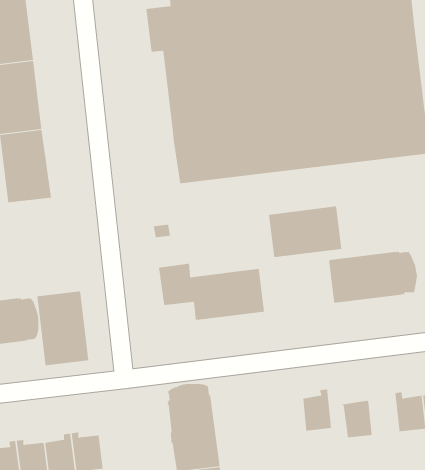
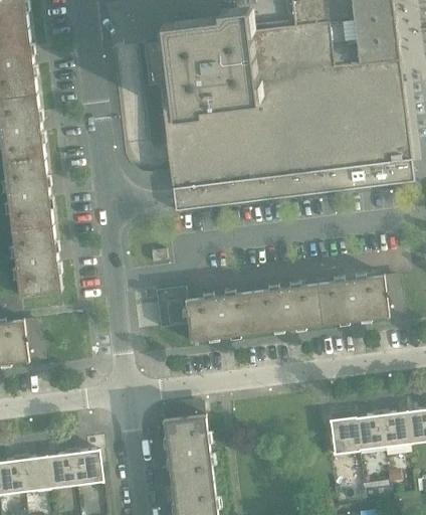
building: [268,206,342,258] -> [251,284,322,333]
building: [36,291,89,366] -> [11,224,61,296]
building: [302,389,332,431] -> [356,410,384,451]

